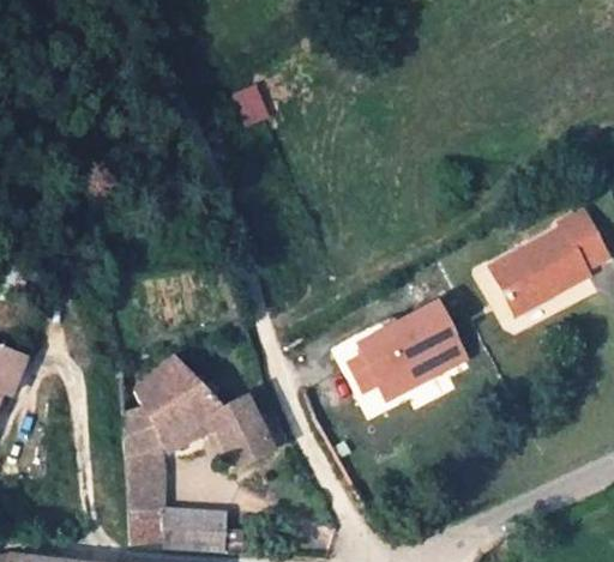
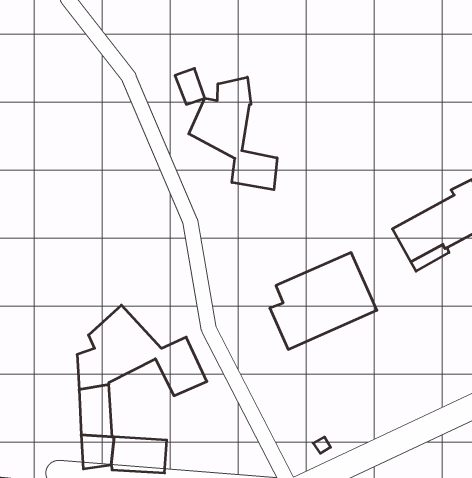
building: none -> [189,77,277,190]

